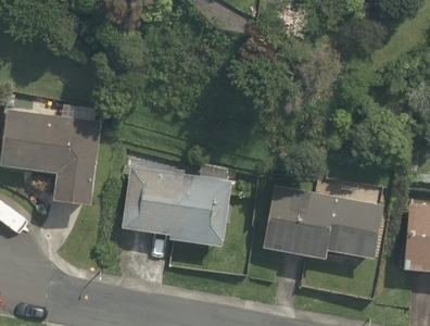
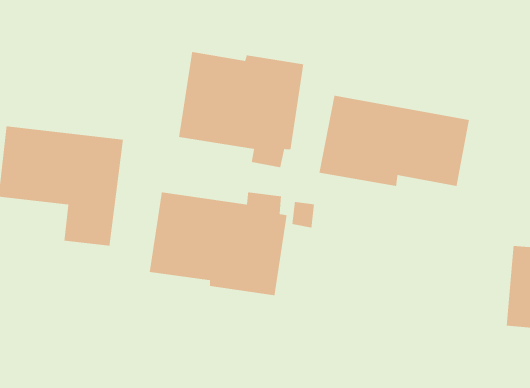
building: none -> [178,51,304,168]
building: [263,187,382,260] -> [319,95,470,187]

